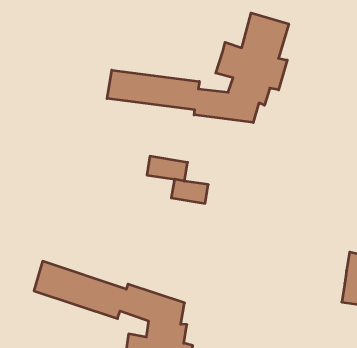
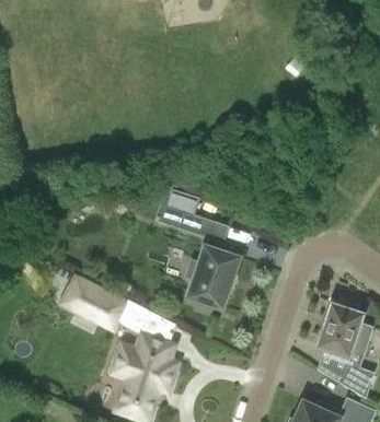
building: [107,13,289,123] -> none
building: none -> [185,247,239,307]

